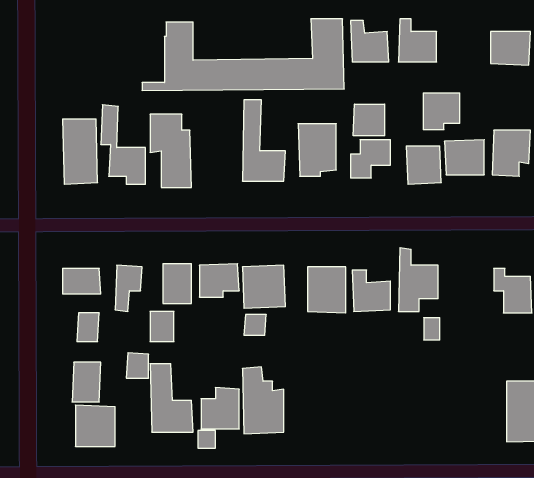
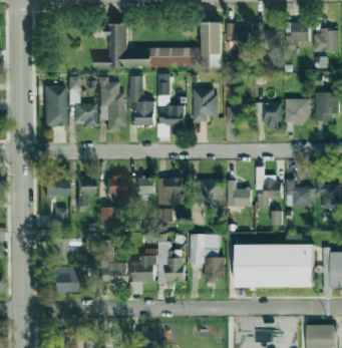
building: [423,93,460,130] -> [286,22,309,45]
building: [353,104,385,136] -> none
building: none -> [128,76,153,125]
building: none -> [286,179,312,207]
building: none -> [190,234,225,281]
building: none -> [236,244,315,288]

